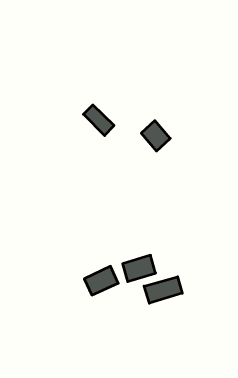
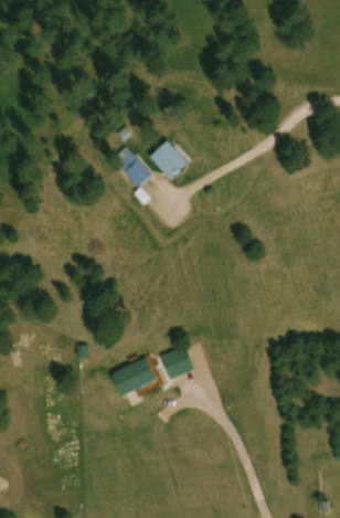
building: [141,121,170,151] -> [150,141,188,181]
building: [144,277,182,303] -> none

